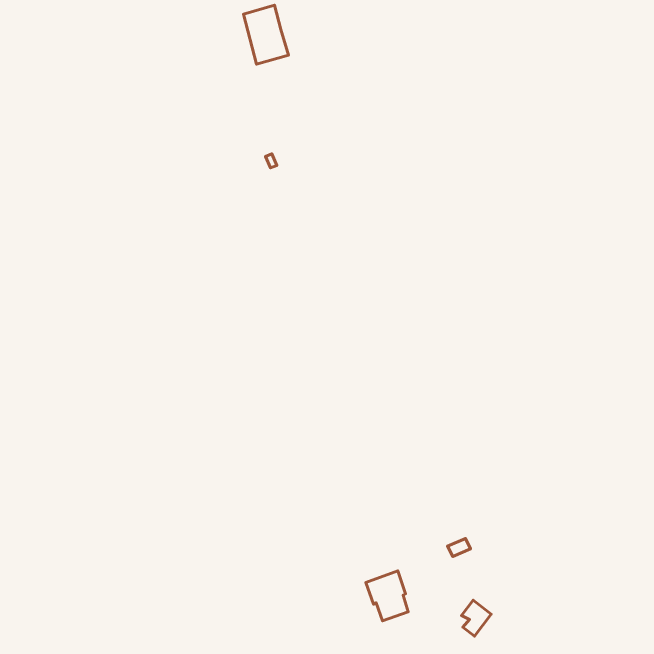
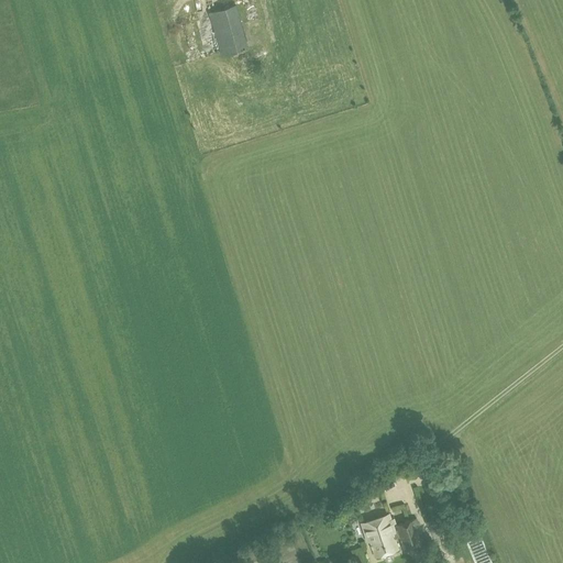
building: [366,571,408,621] -> [361,515,397,558]

